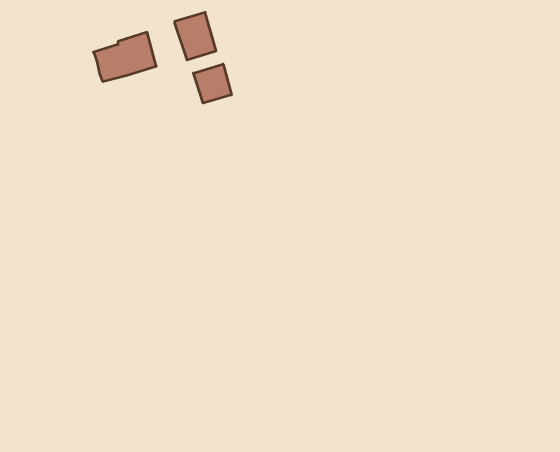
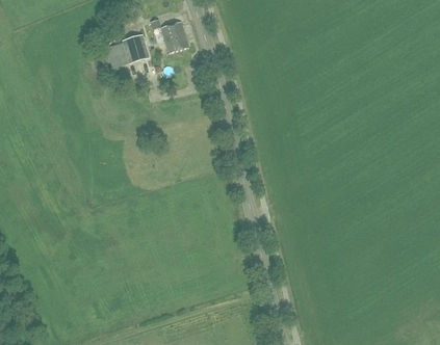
building: [193,64,231,103] -> none

